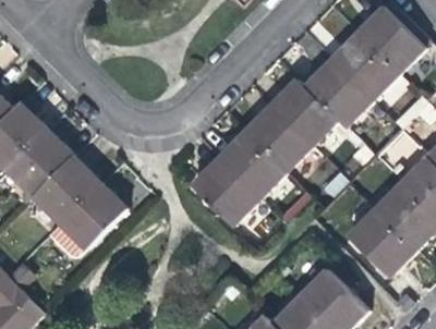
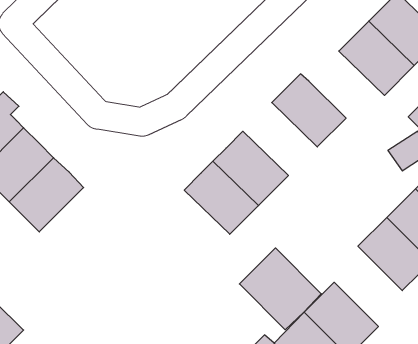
building: [304,58,373,126] -> none
building: [244,105,312,171] -> none
building: [59,182,125,248] -> none
building: none -> [239,248,321,330]

